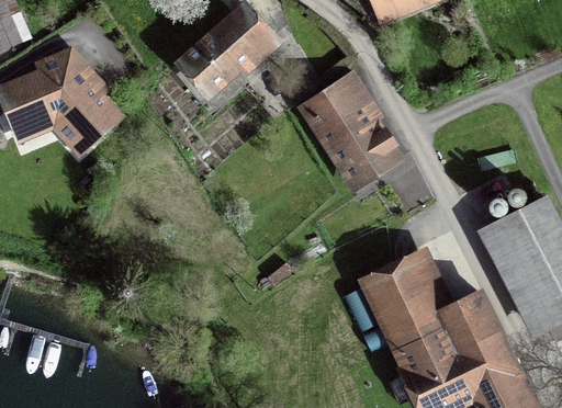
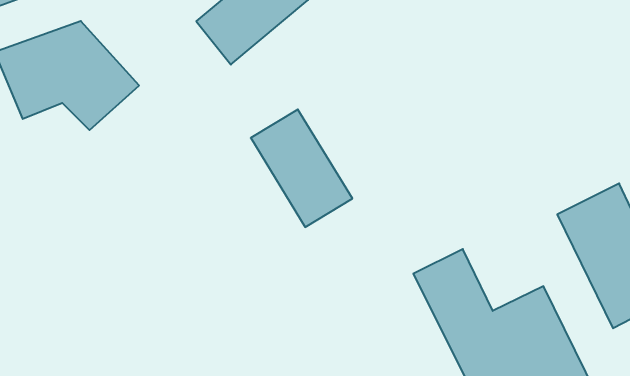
building: [312,81,402,185] -> [251,109,352,227]

